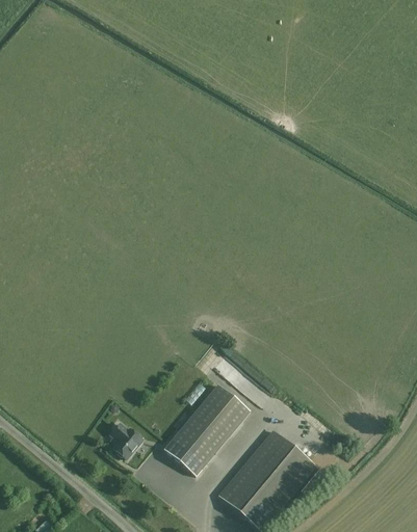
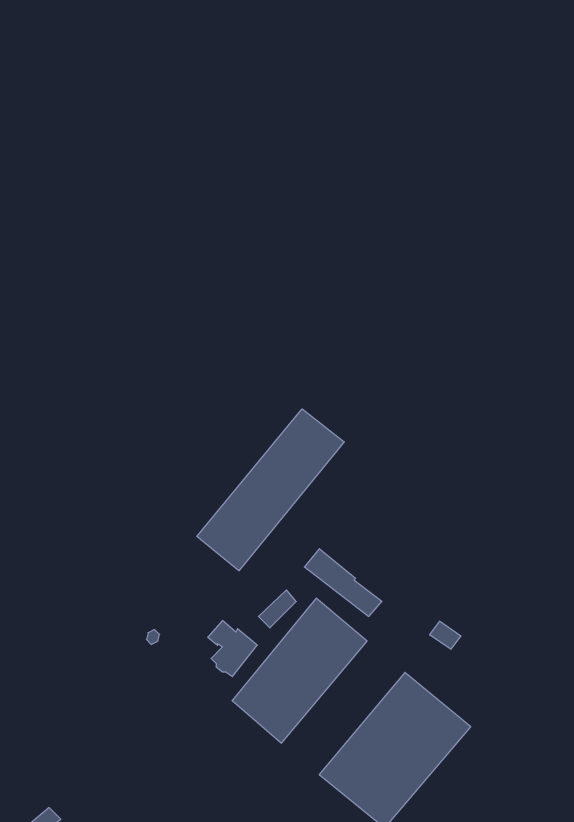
building: none -> [197,409,344,571]
building: [111,423,142,458] -> [208,621,257,677]

